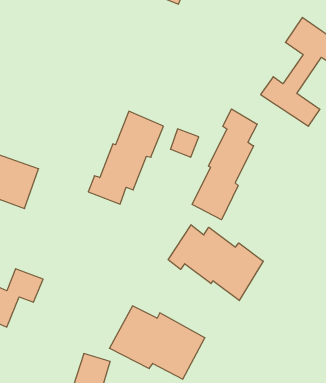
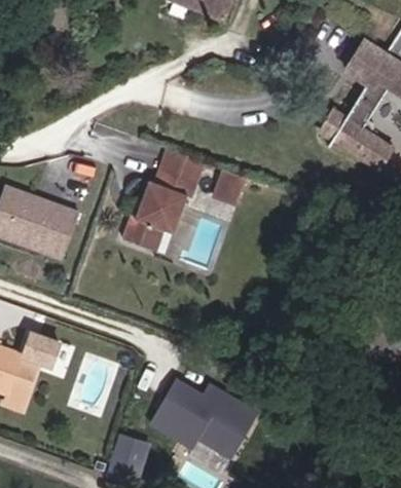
building: [192,109,257,220] -> none
building: [168,225,263,301] -> none

